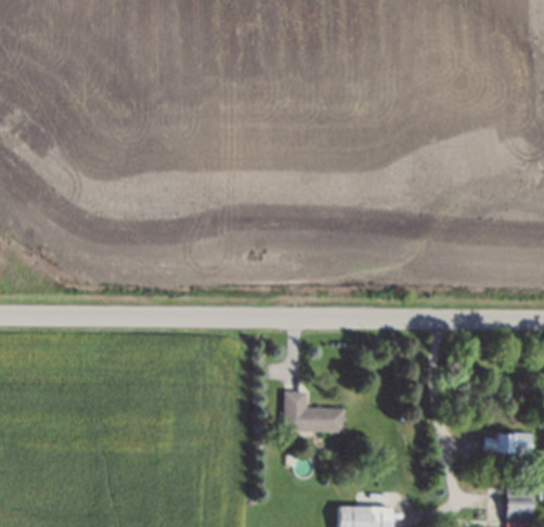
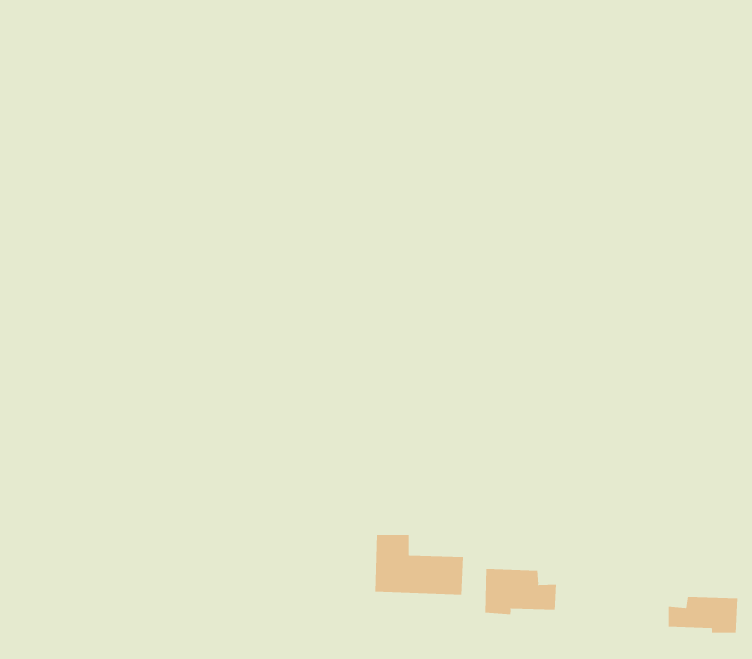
building: none -> [485,568,557,615]

